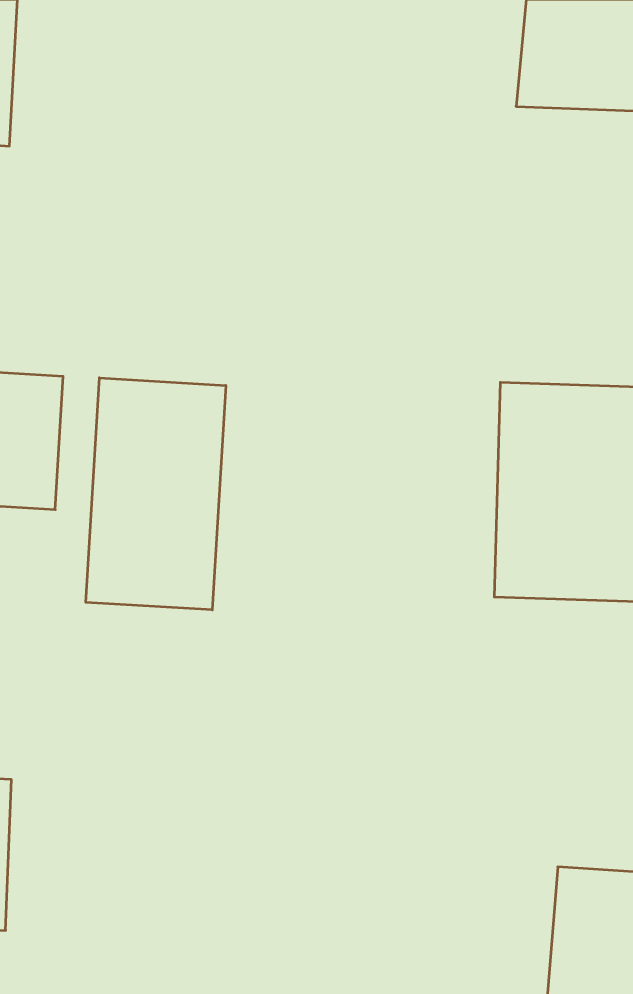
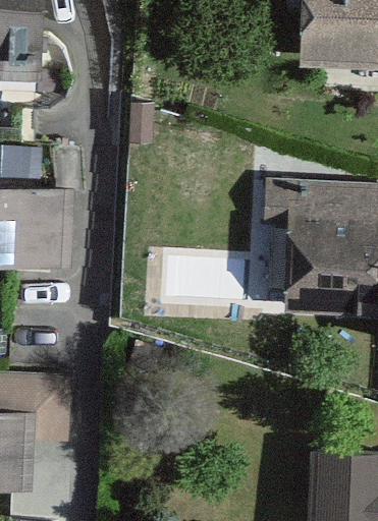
building: [86,378,226,610] -> none

